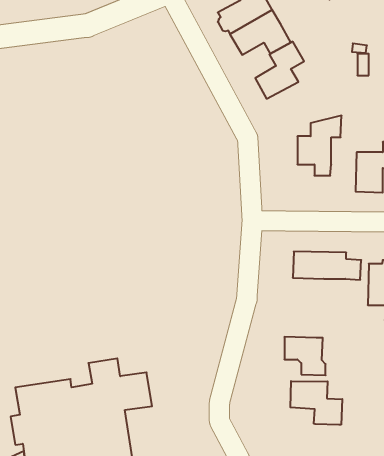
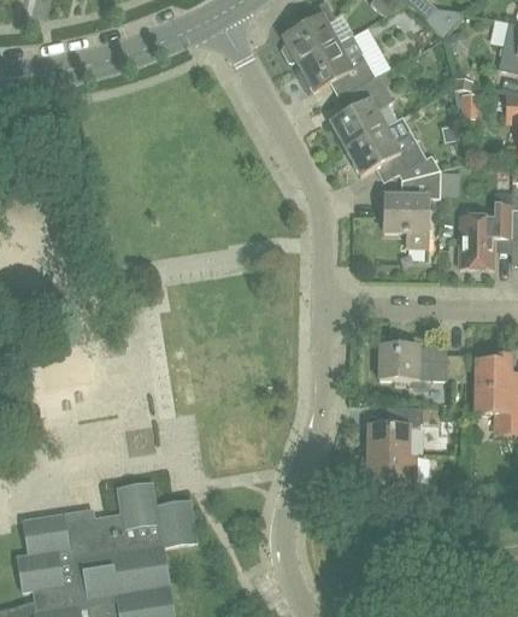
building: none -> [345,127,441,180]
building: none -> [367,406,422,456]
building: [290,381,342,425] -> none

